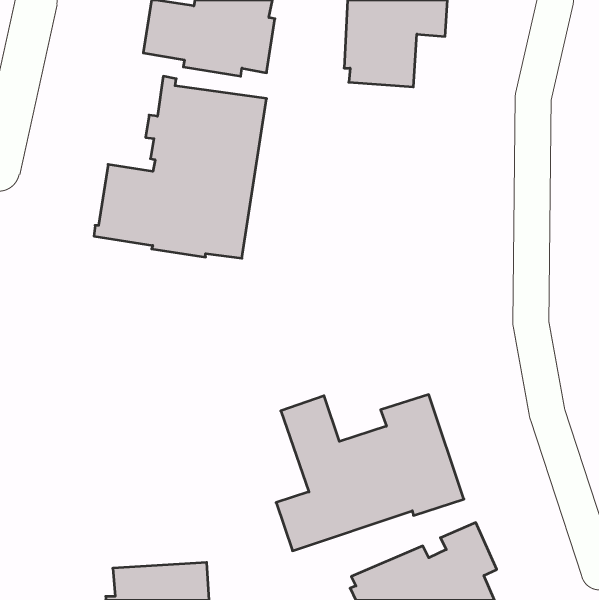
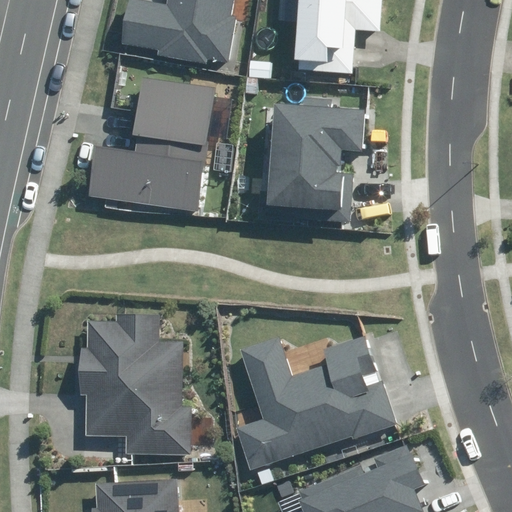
building: none -> [253,89,373,228]
building: none -> [78,314,191,456]

